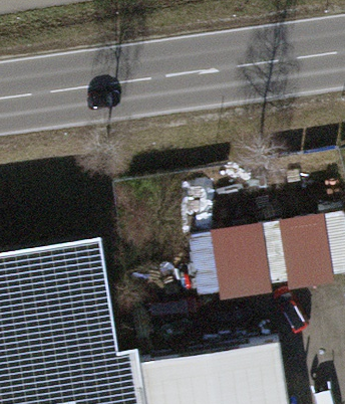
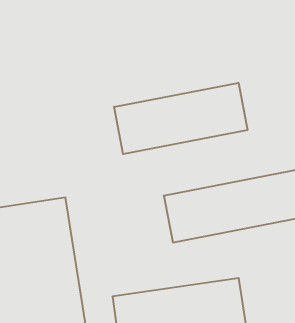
building: none -> [114,83,247,154]

